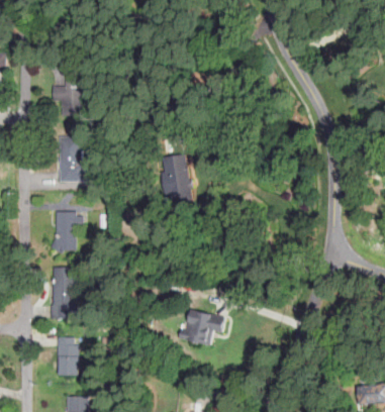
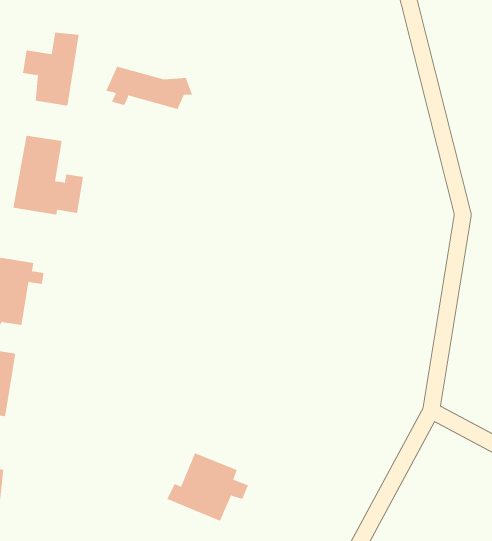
building: none -> [106,66,193,110]
building: [164,154,193,202] -> none

